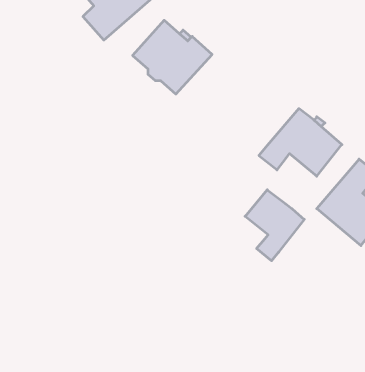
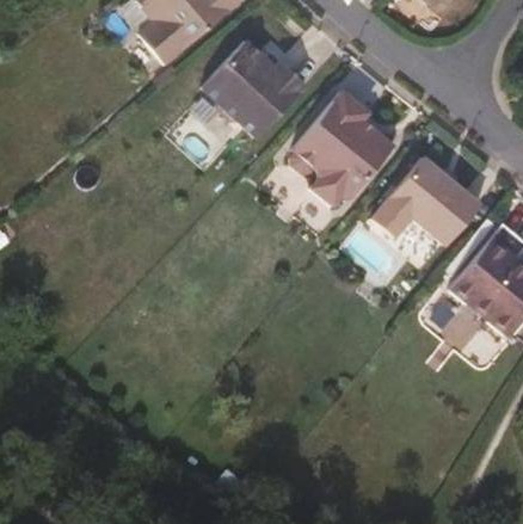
building: none -> [290,88,393,204]
building: [245,190,304,261] -> none

